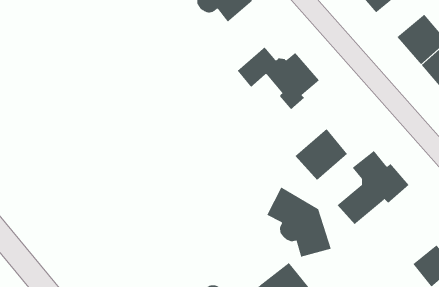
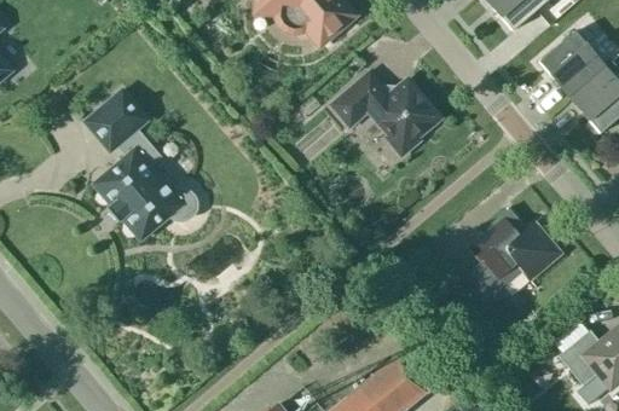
building: none -> [85,88,197,239]
building: [294,128,348,181] -> none
building: [266,186,332,258] -> none

